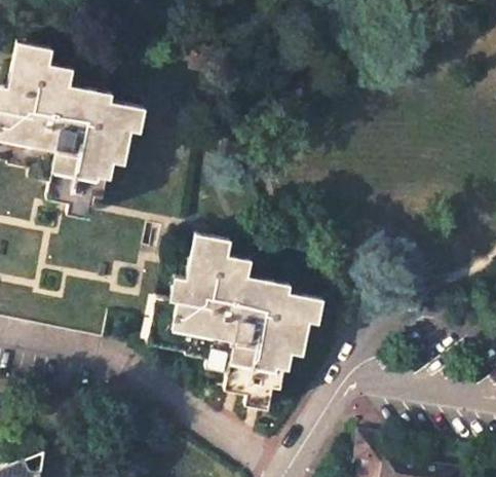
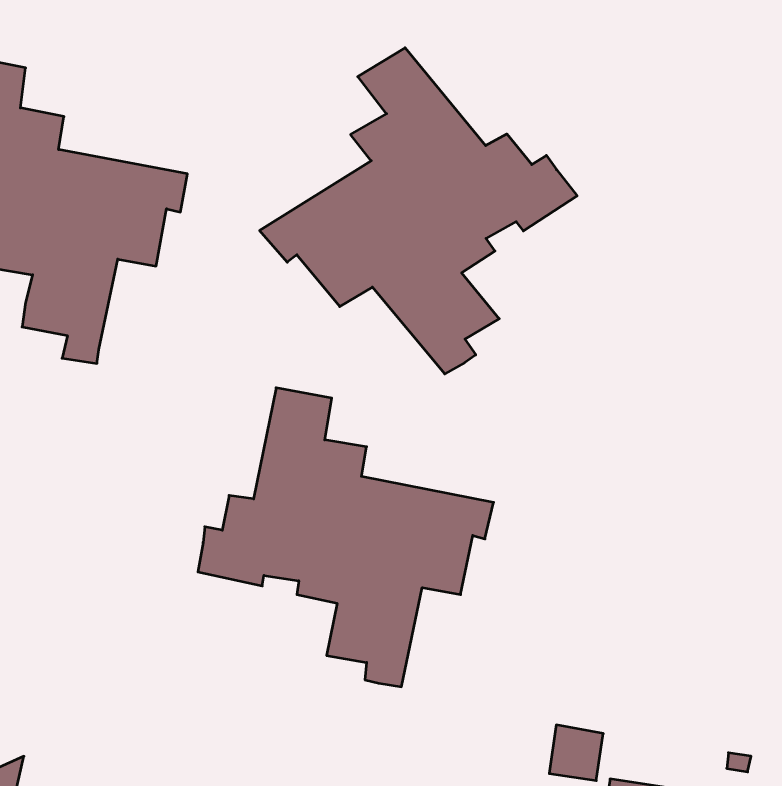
building: none -> [260,48,577,374]

